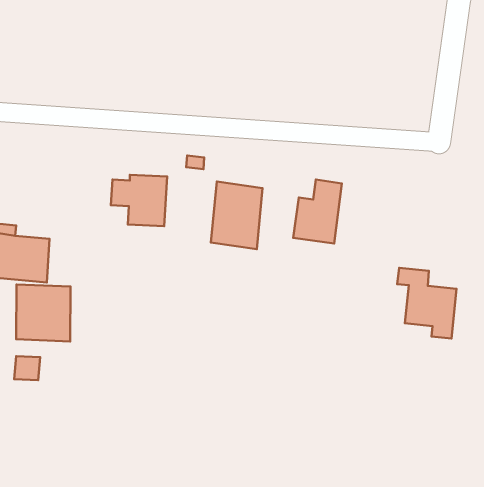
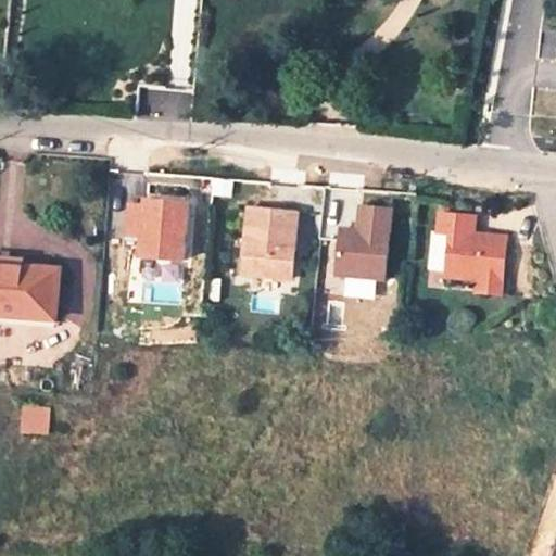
building: [397,268,456,338] -> [435,211,503,291]
building: [16,285,70,341] -> none

